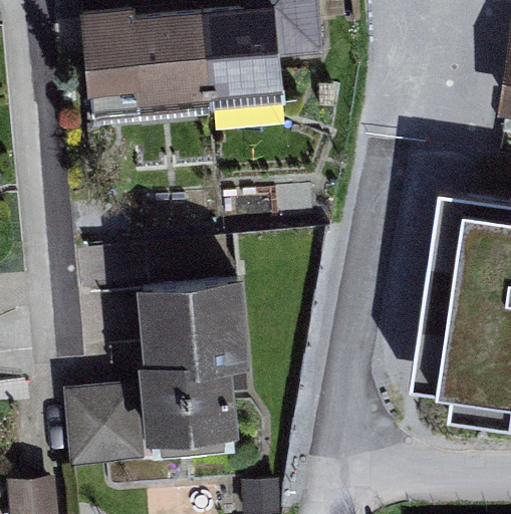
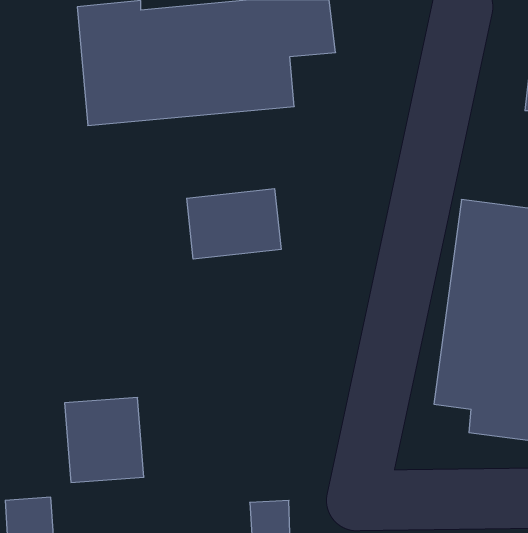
building: none -> [187,189,281,259]
building: [137,274,256,432] -> none

